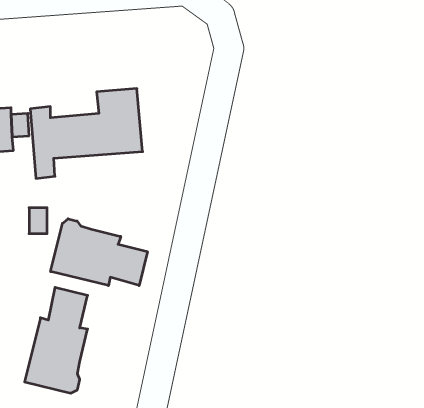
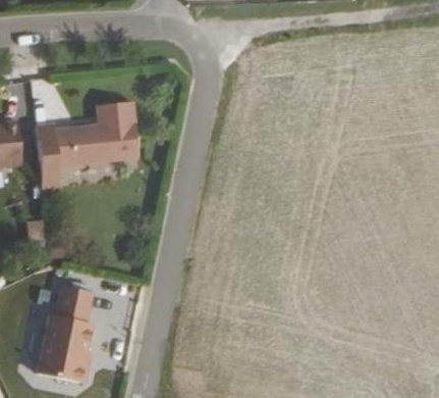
building: [51,219,147,286] -> none

